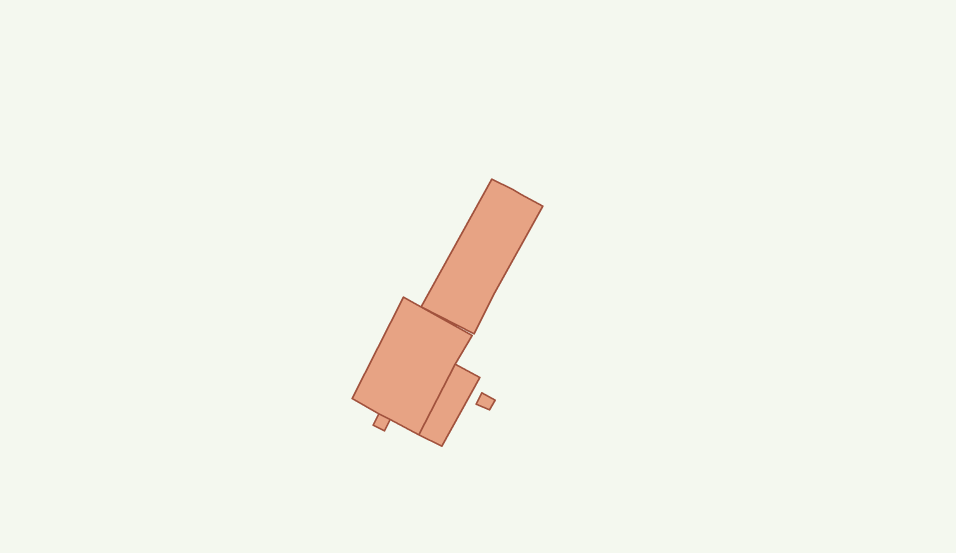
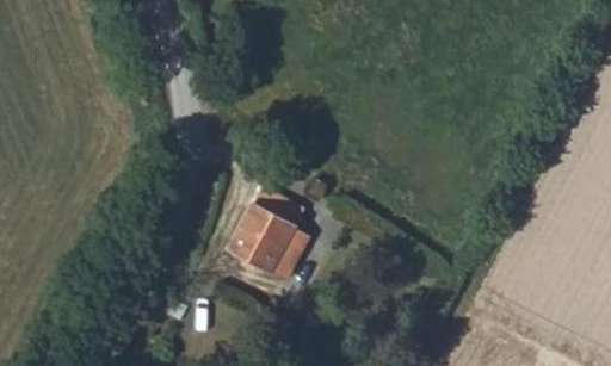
building: [421,179,543,334] -> none

